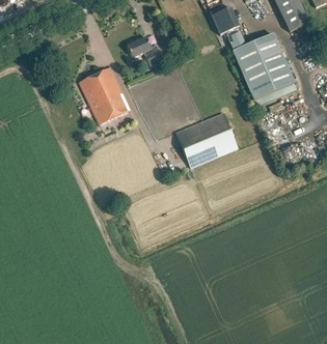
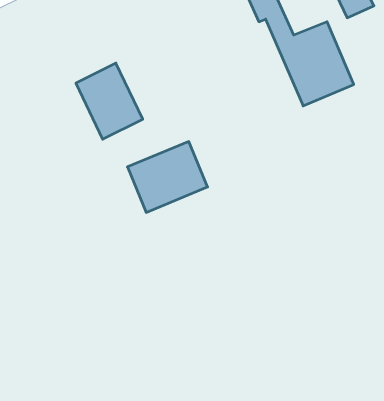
building: [127,36,163,65] -> none
building: [175,113,238,168] -> [127,142,208,212]

